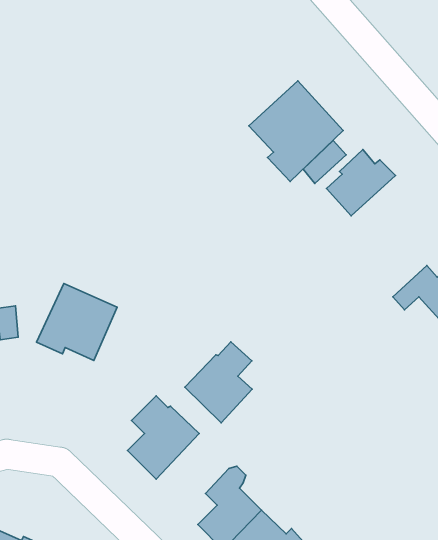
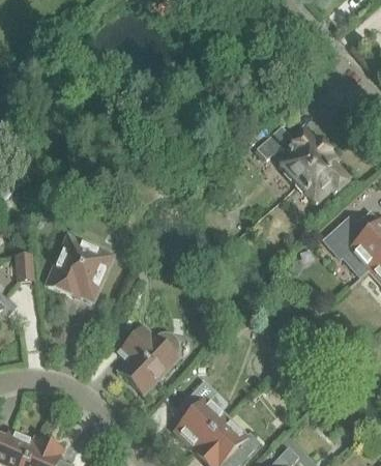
building: [249,81,343,182] -> none
building: none -> [296,151,350,205]
building: [185,342,252,423] -> none

